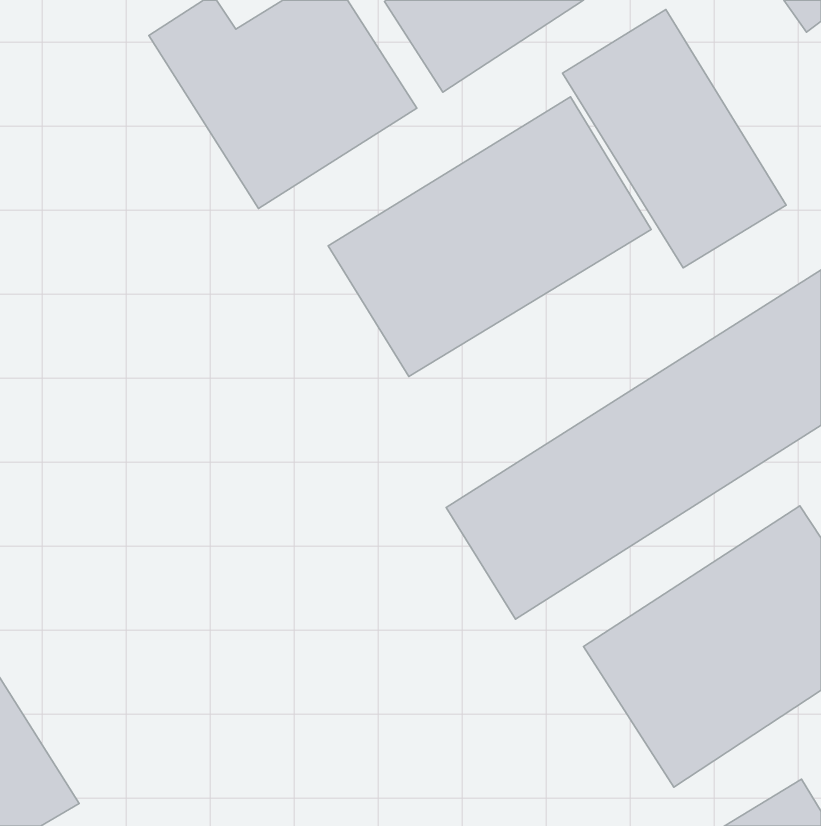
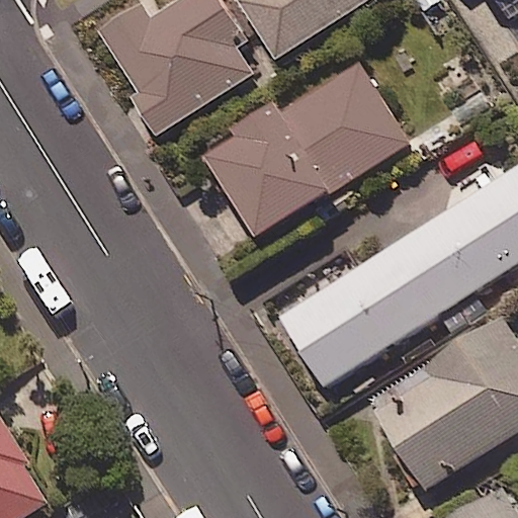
building: [563,9,786,268] -> none

